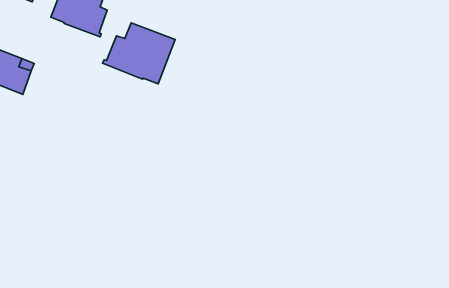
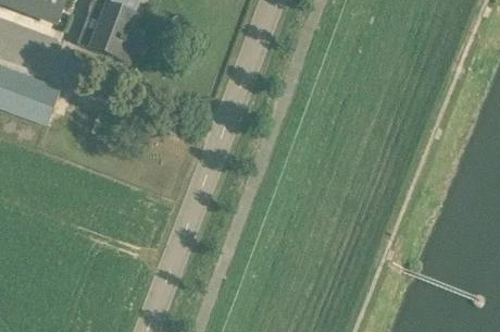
building: [103,23,175,84] -> none

